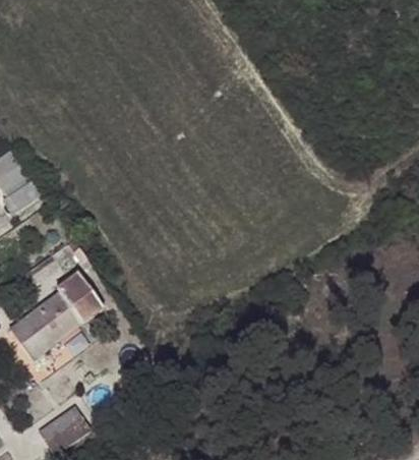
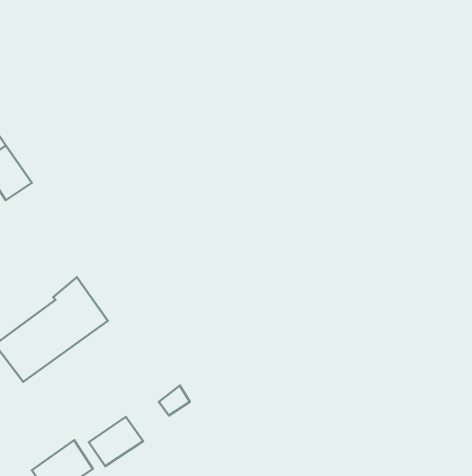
building: none -> [89,417,143,466]

